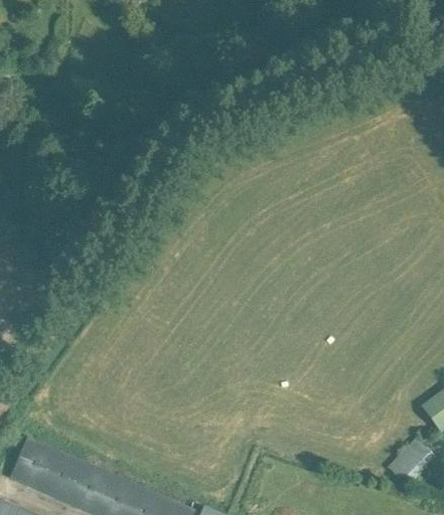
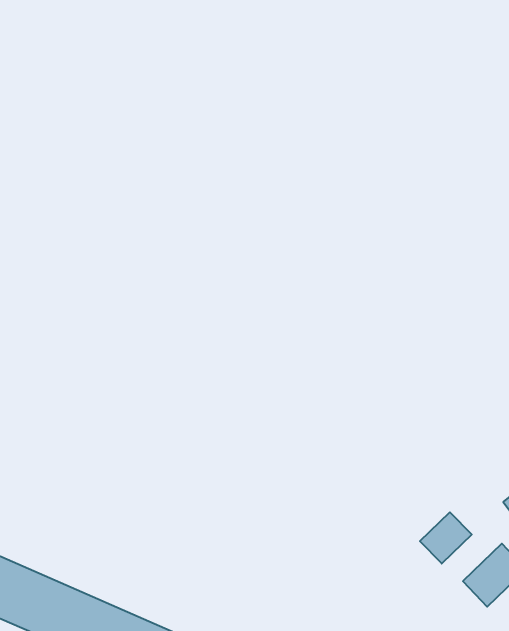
building: none -> [420,512,472,564]

